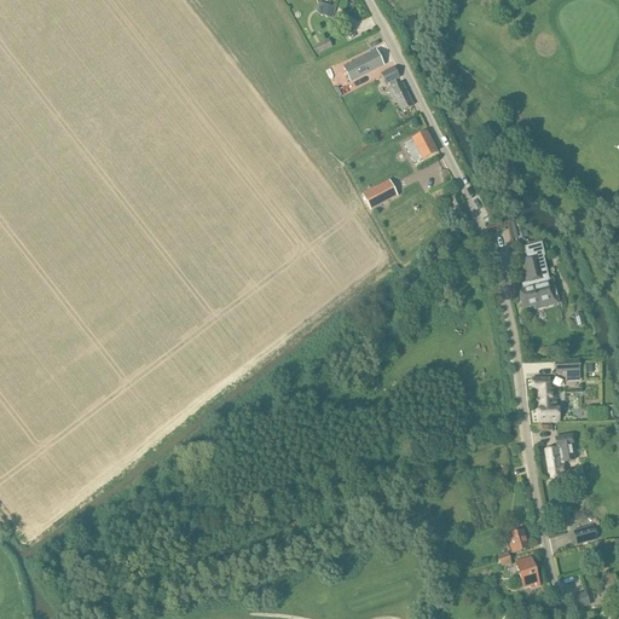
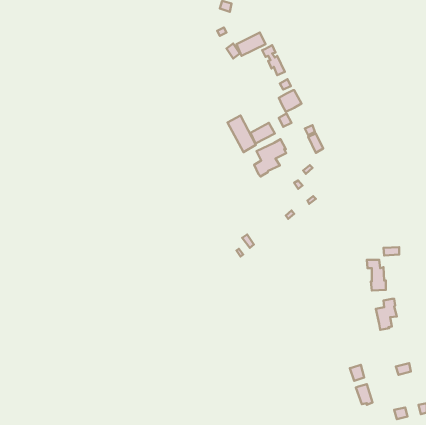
building: none -> [228,116,256,152]
building: none -> [254,139,286,176]
building: [517,241,560,308] -> none

